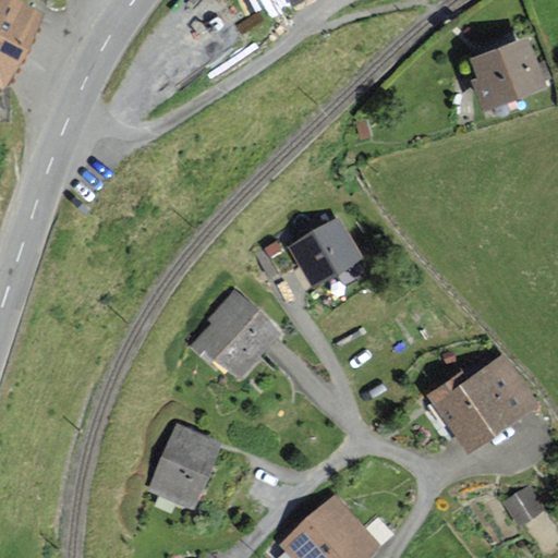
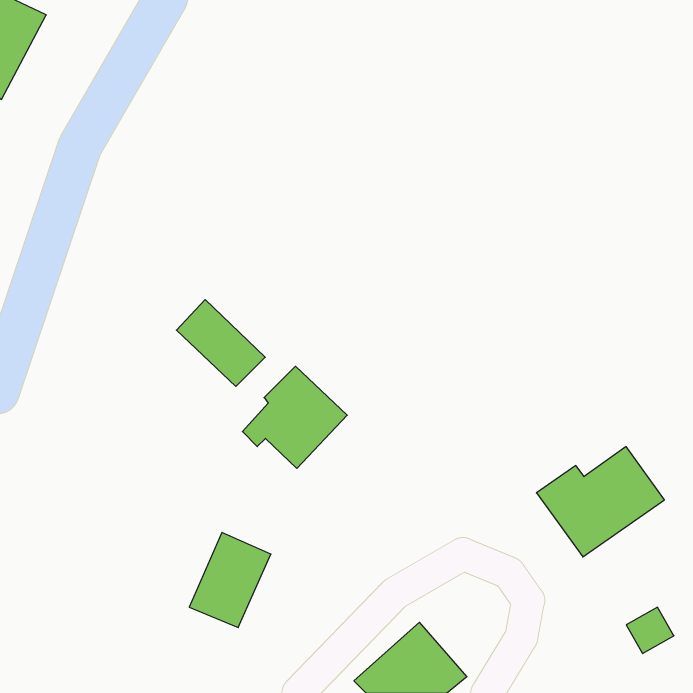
building: [472,39,547,105] -> none
building: [292,219,359,282] -> none
building: none -> [176,300,265,386]

